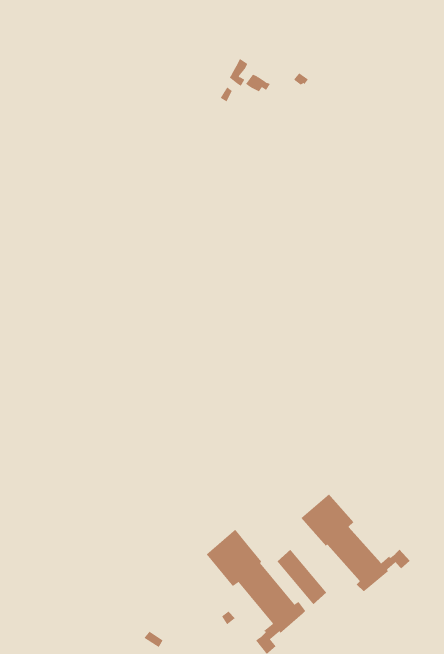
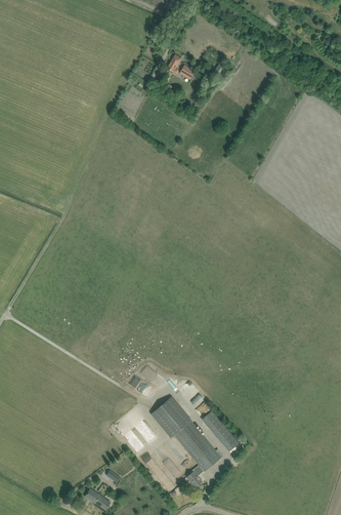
building: [300,494,411,592] -> none

